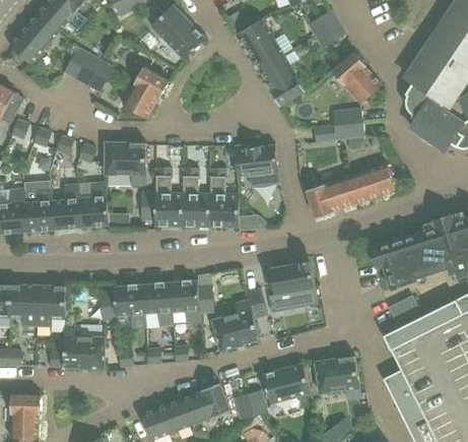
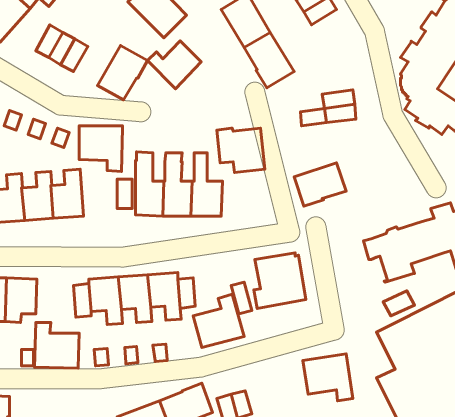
building: [331,51,381,103] -> none
building: none -> [147,41,201,89]
building: [345,163,395,202] -> none
building: [262,363,310,402] -> none

